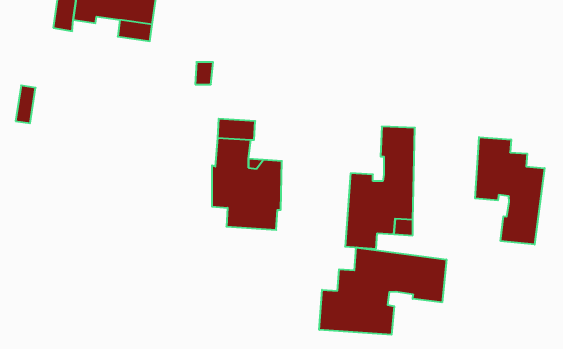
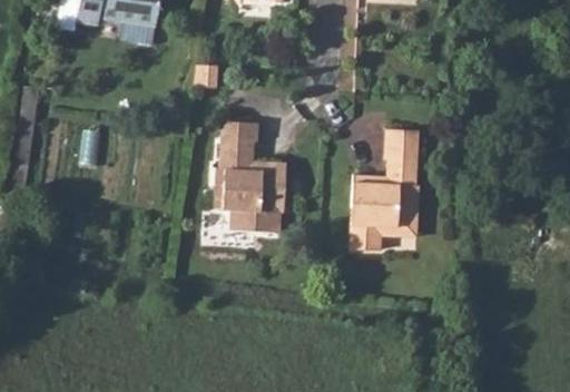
building: [475,137,545,245] -> none
building: [319,247,446,335] -> none

